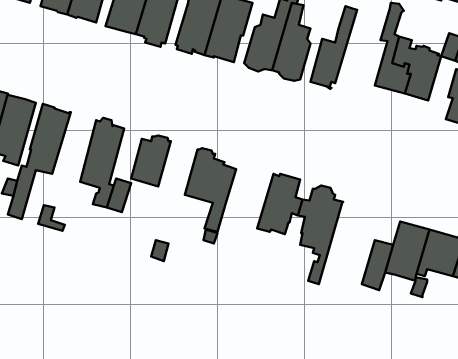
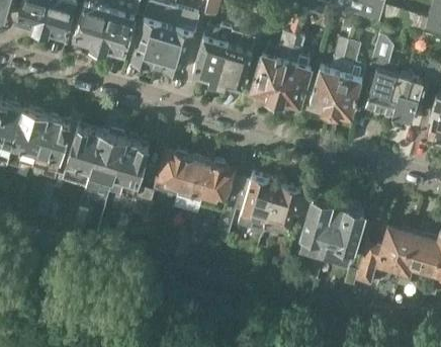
building: none -> [332,41,366,116]
building: none -> [84,131,125,200]
building: none -> [178,156,212,202]
building: none -> [237,175,278,236]
building: none -> [318,203,364,282]

